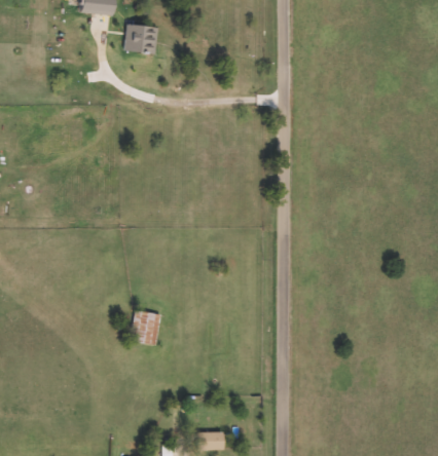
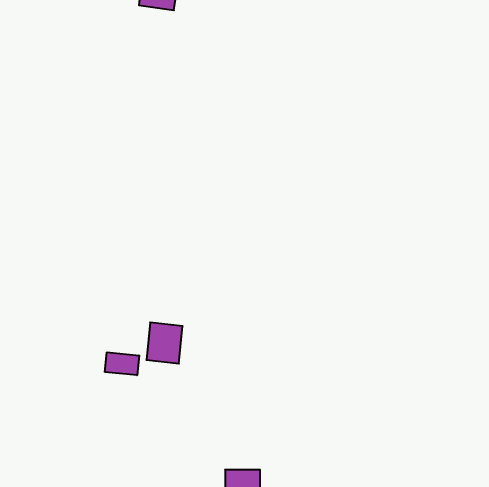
building: none -> [105,352,139,375]

